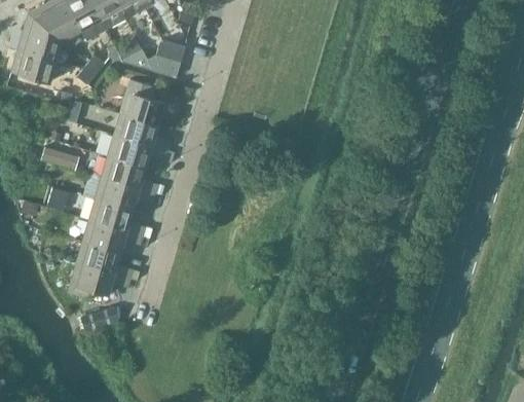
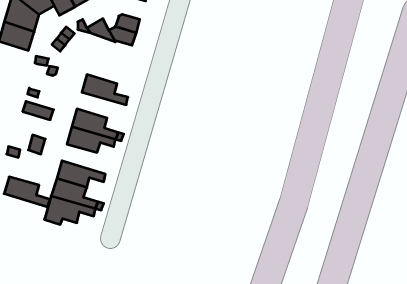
building: [119,79,163,124] -> none
building: [107,135,167,167] -> none
building: [88,198,145,235] -> [4,177,50,207]
building: [80,306,119,334] -> none

